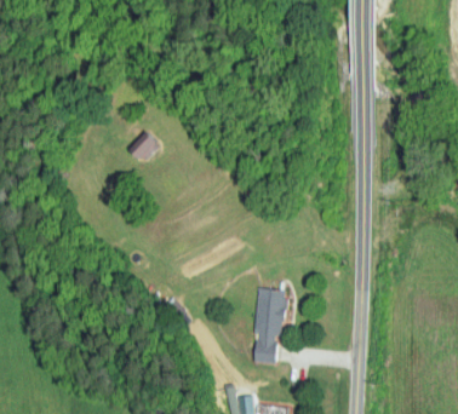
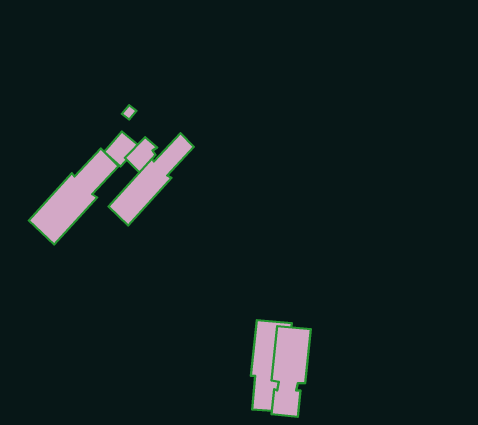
building: none -> [109,133,194,225]
building: none -> [29,149,118,245]

